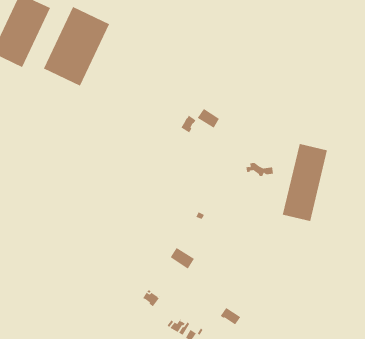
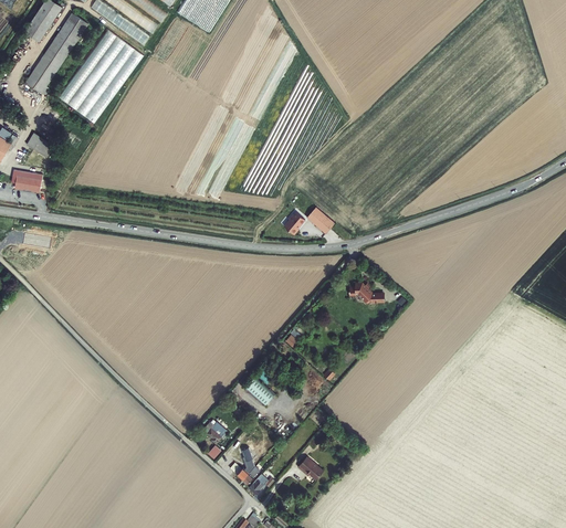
building: [43,6,110,86] -> none
building: [282,143,328,222] -> none

